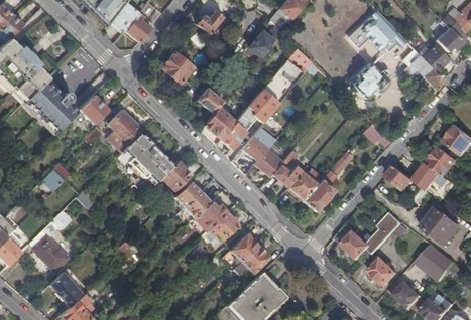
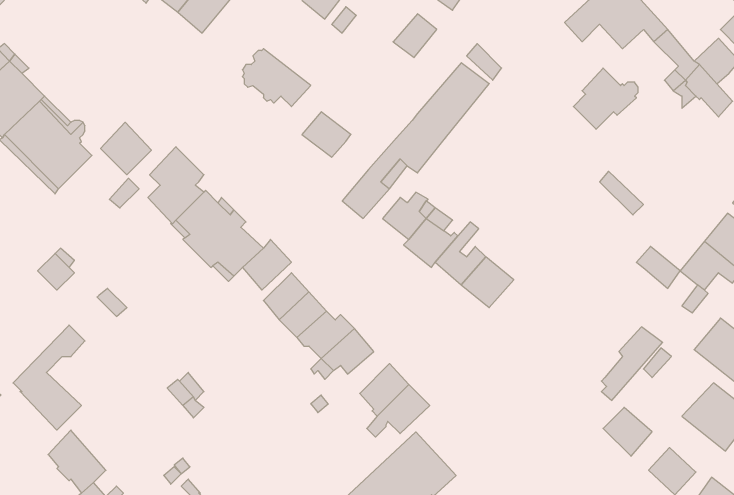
building: [201,105,235,144] -> none
building: [305,158,348,211] -> none
building: [336,222,372,260] -> none

